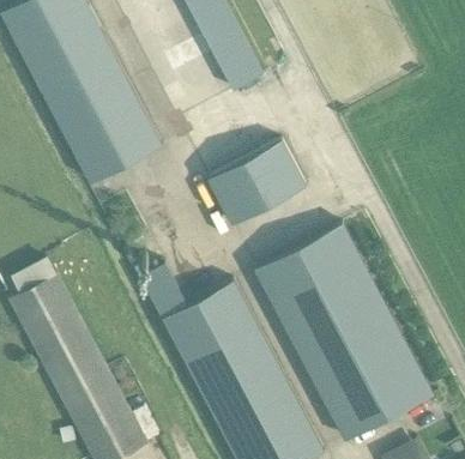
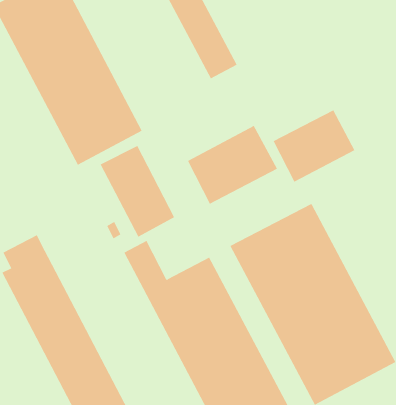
building: none -> [273,110,355,182]
building: none -> [100,145,175,237]

